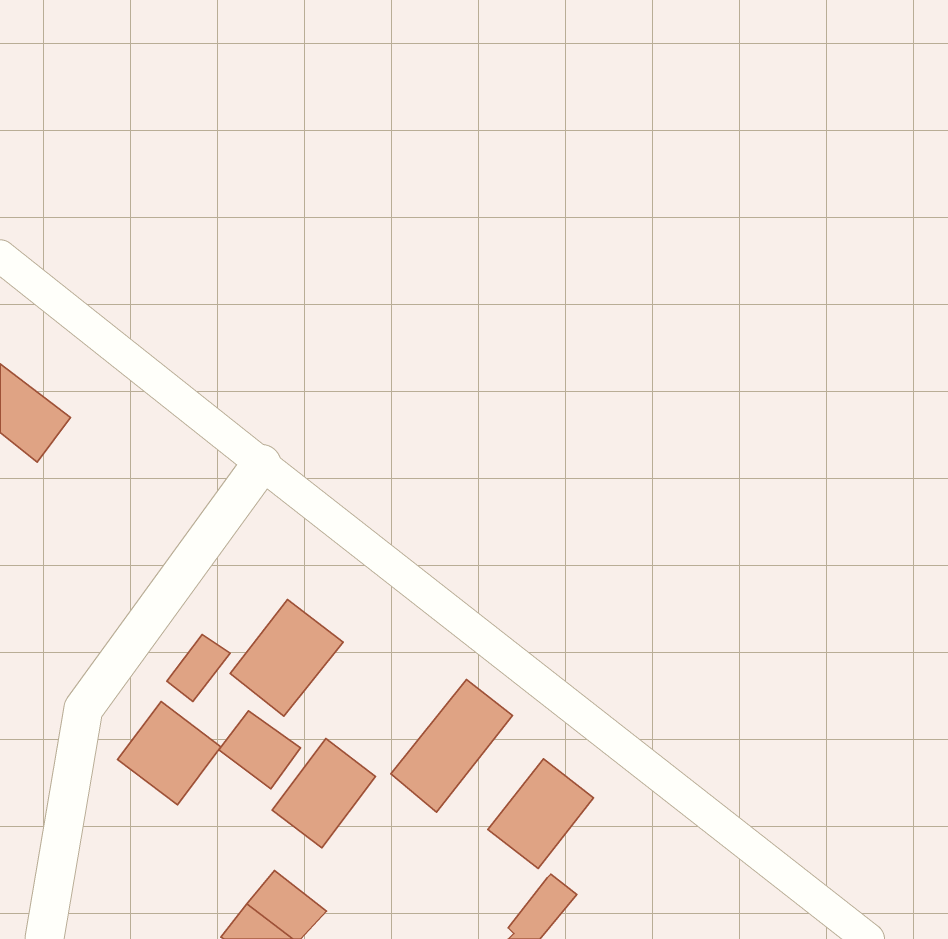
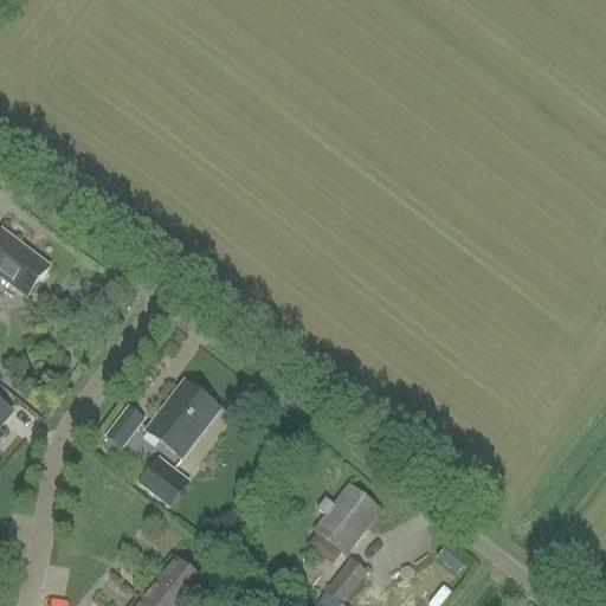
building: [391,679,512,812] -> none
building: [118,702,221,805] -> none
building: [272,739,376,848] -> none

